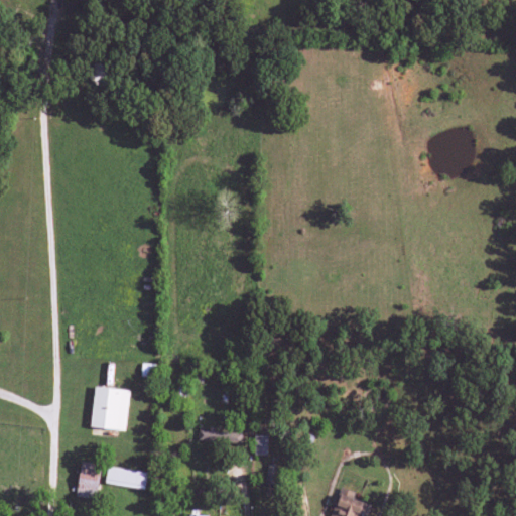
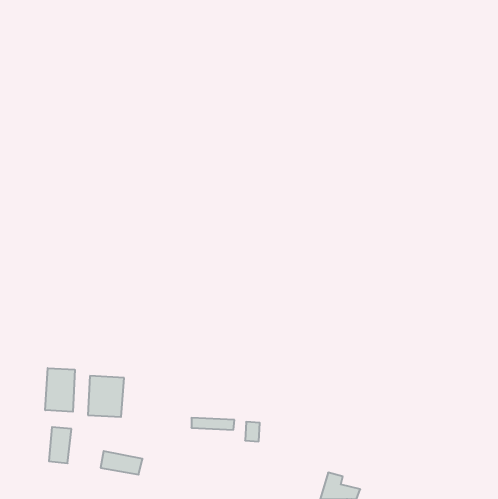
building: none -> [45,368,75,412]
building: [78,462,101,499] -> [49,427,71,463]

